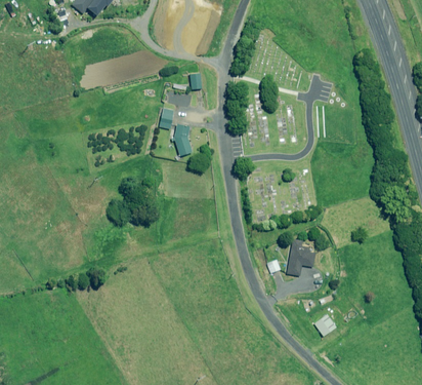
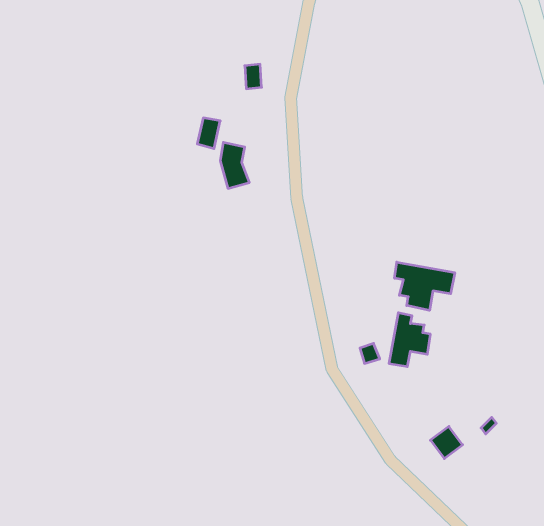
building: none -> [395,262,455,310]

